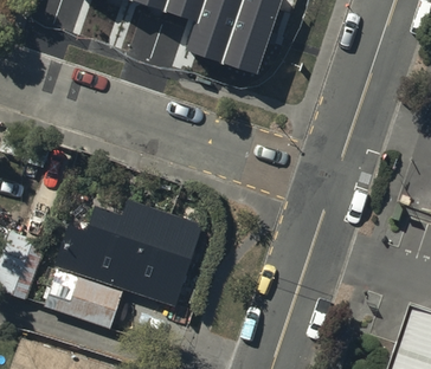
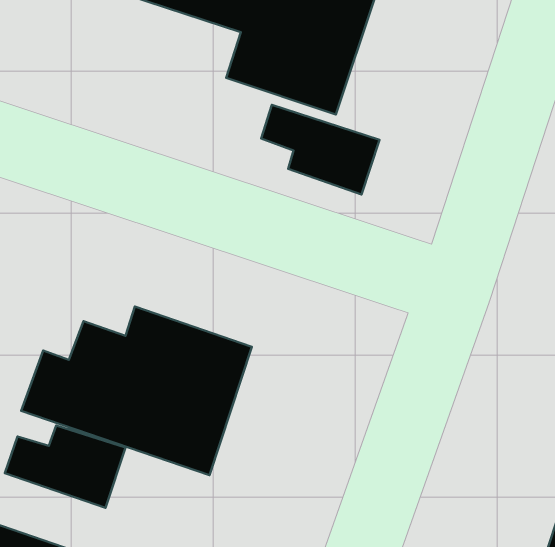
building: none -> [261,105,380,195]

